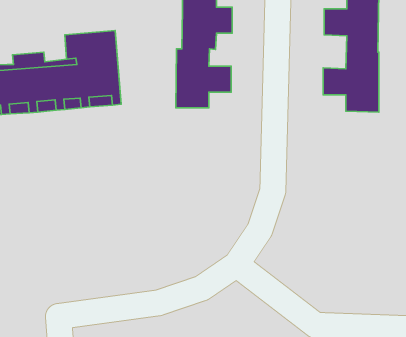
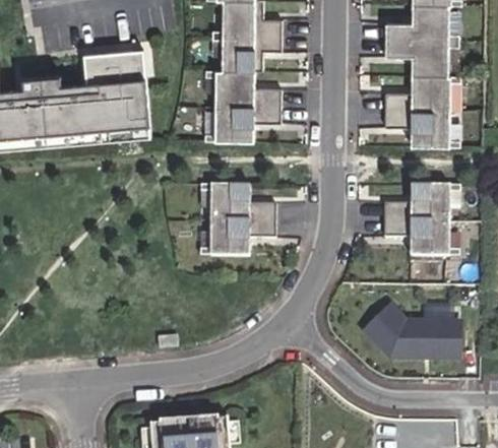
building: none -> [209,183,274,254]
building: none -> [385,185,450,256]
building: none -> [389,321,459,358]

